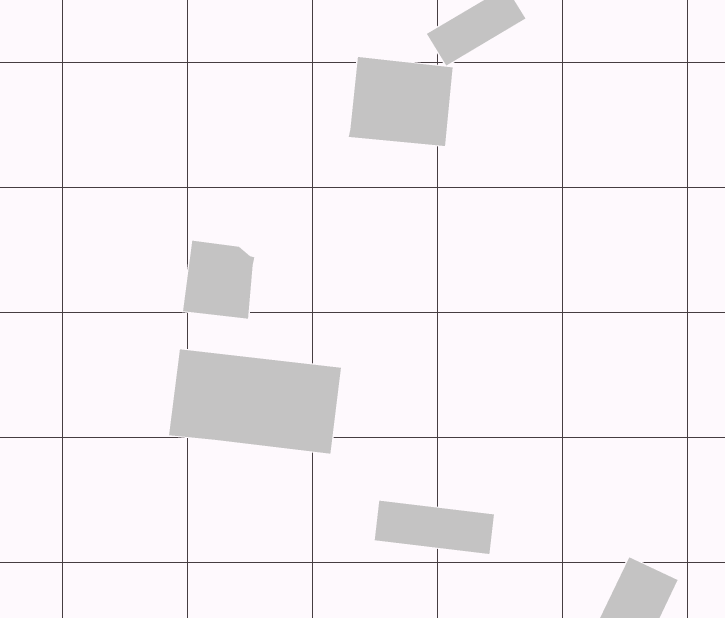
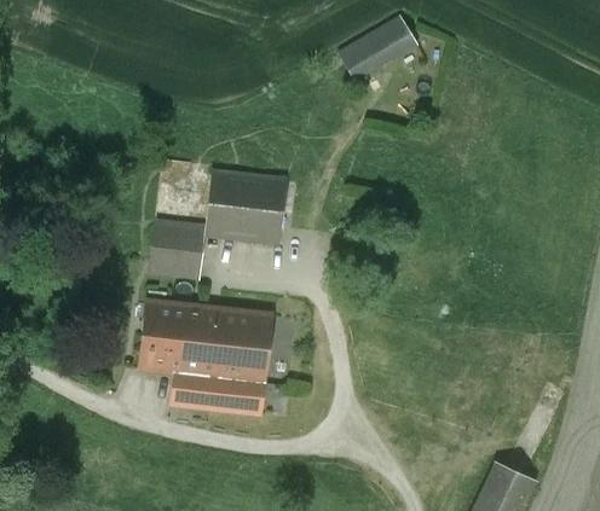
building: [348,56,453,146] -> [204,172,287,242]
building: [374,500,495,554] -> [171,371,265,413]

